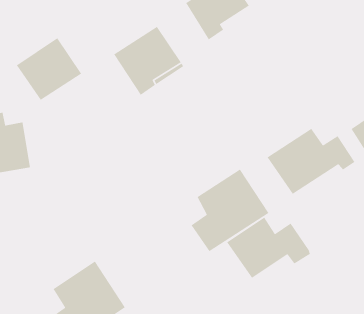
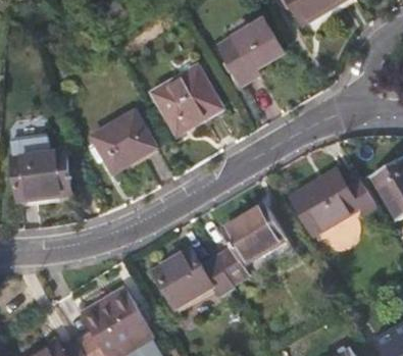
building: [16,37,82,101] -> [92,113,154,172]
building: [226,216,311,279] -> [154,251,234,309]

